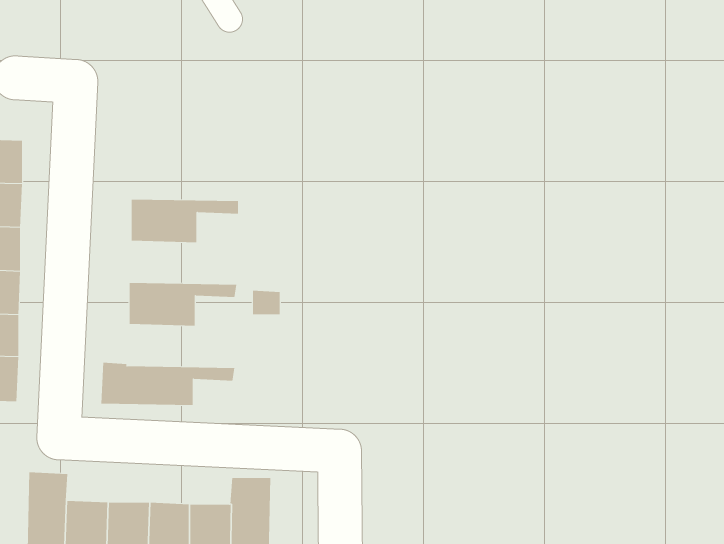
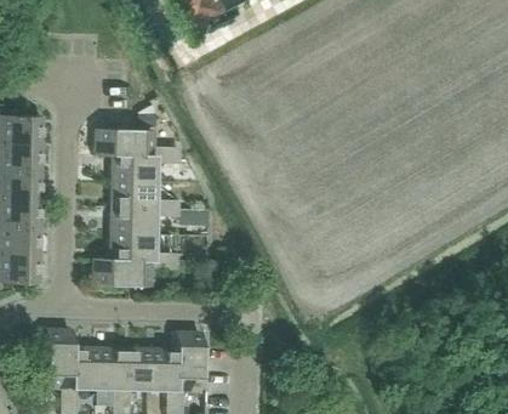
building: none -> [95,127,181,155]
building: none -> [110,180,179,208]
building: none -> [109,233,178,261]

